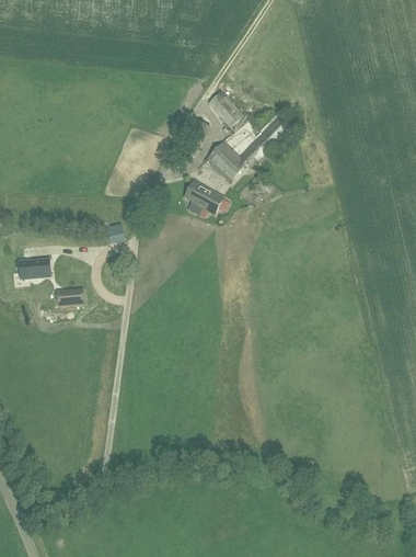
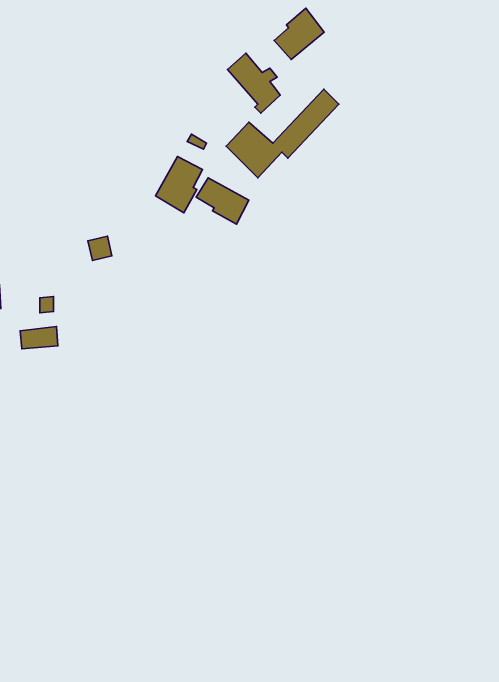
building: none -> [274,8,324,60]
building: none -> [156,157,203,213]

